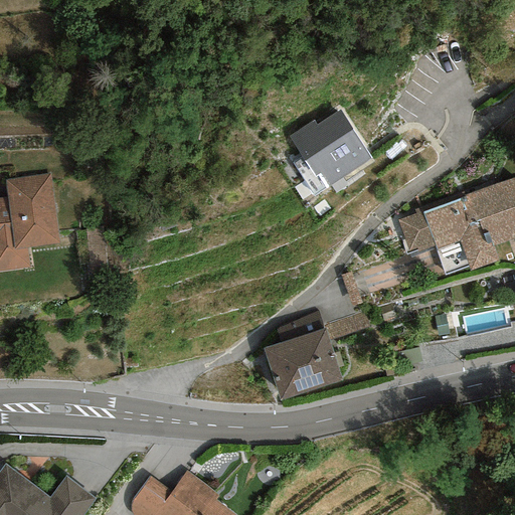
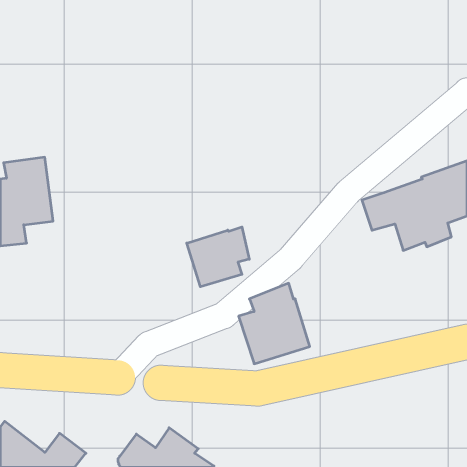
building: [288,110,370,186] -> none
building: none -> [187,227,249,287]

